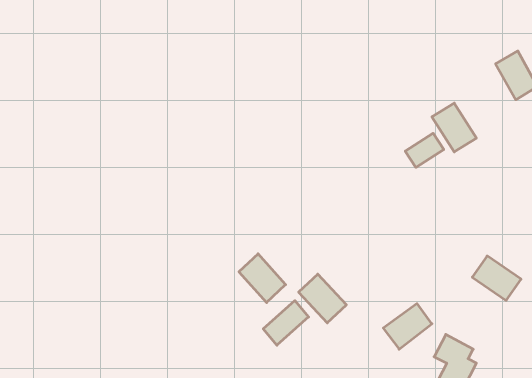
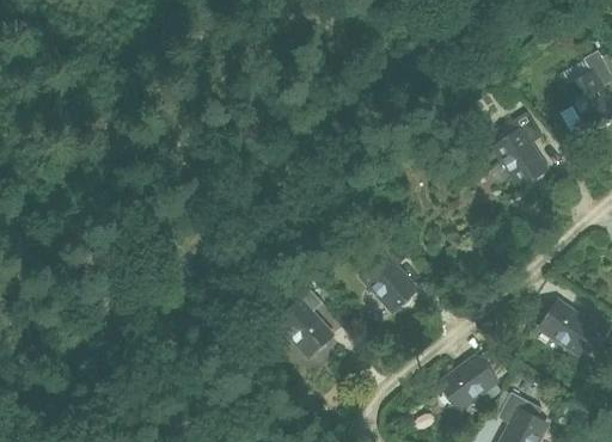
building: [405,133,444,167] -> none
building: [299,274,346,323] -> [362,253,416,308]
building: [263,301,309,345] -> none

